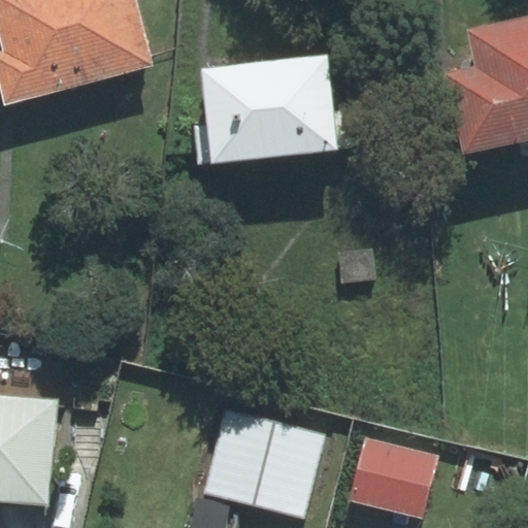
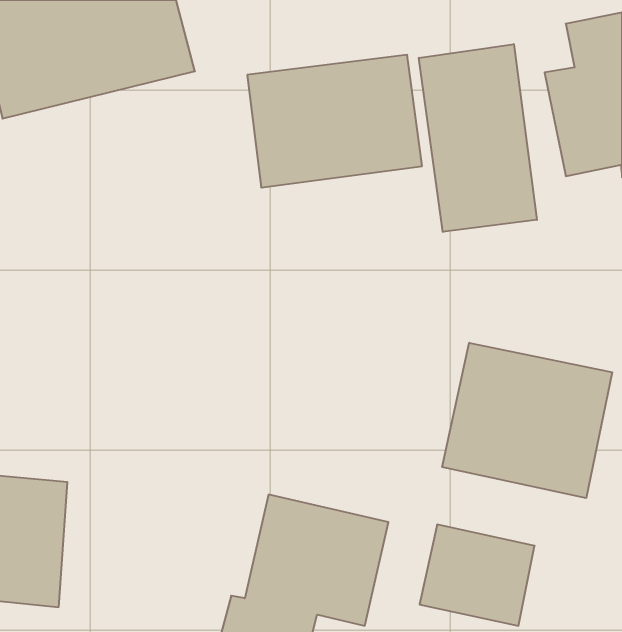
building: none -> [419,44,537,232]
building: none -> [442,343,612,498]

